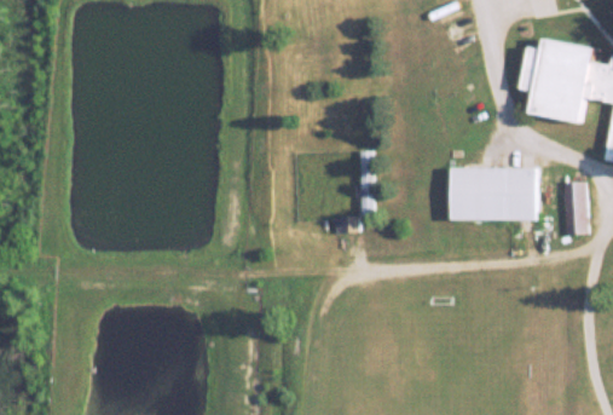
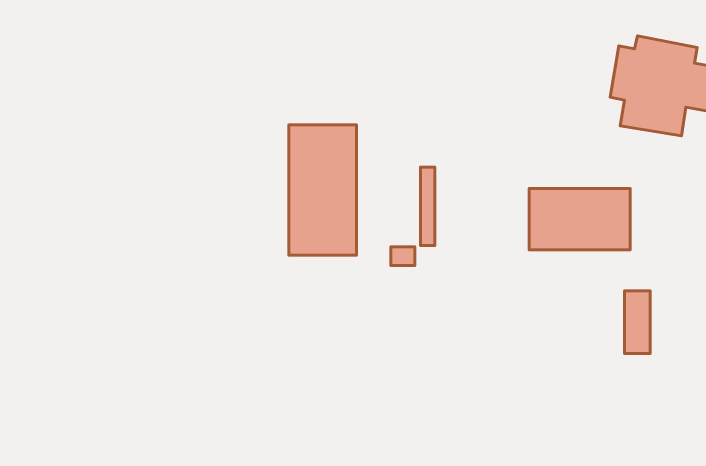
building: none -> [289,125,356,255]
building: [563,181,585,235] -> [624,291,650,354]

